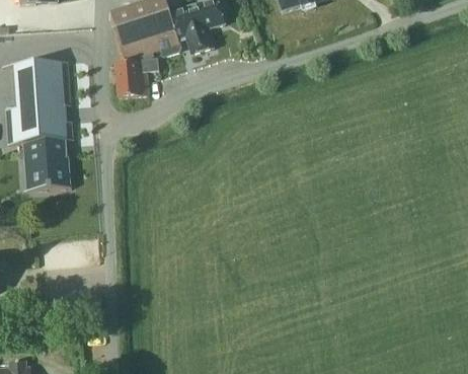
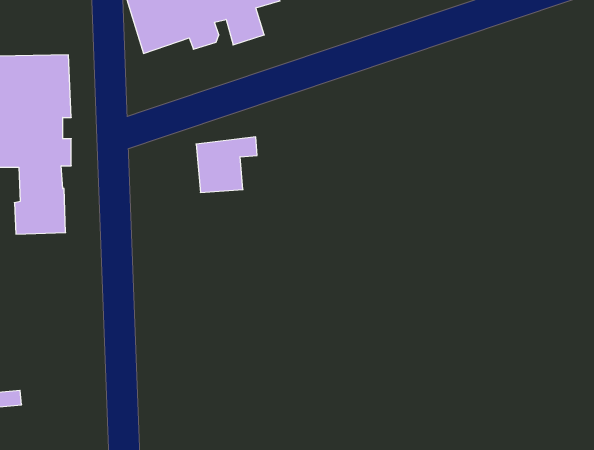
building: [113,57,157,96] -> [196,137,257,192]

